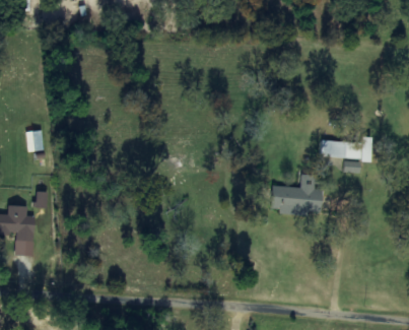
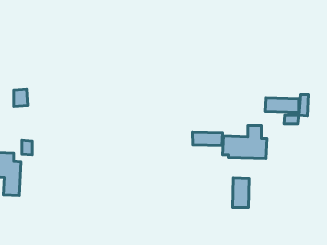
building: none -> [193,132,223,145]
building: none -> [232,178,249,208]

